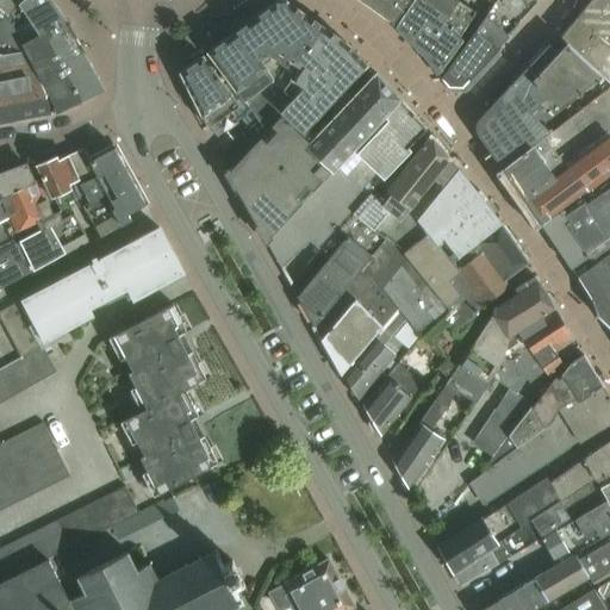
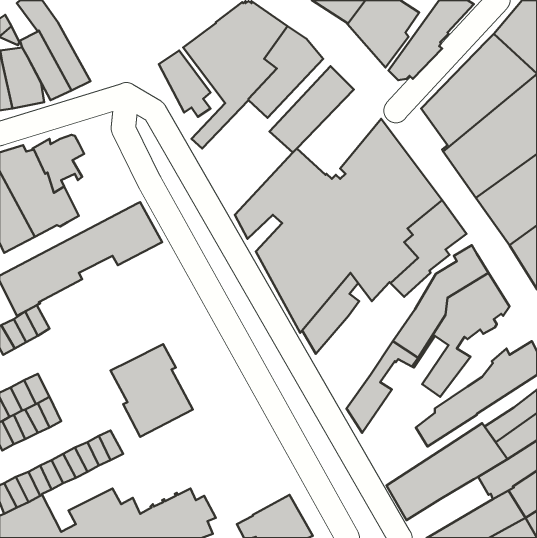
building: [336,101,425,198] -> none
building: [225,113,330,243] -> none
building: [82,149,145,238] -> none
building: [113,304,206,409] -> none
building: [492,356,602,462] -> none
building: [363,366,421,436] -> none

